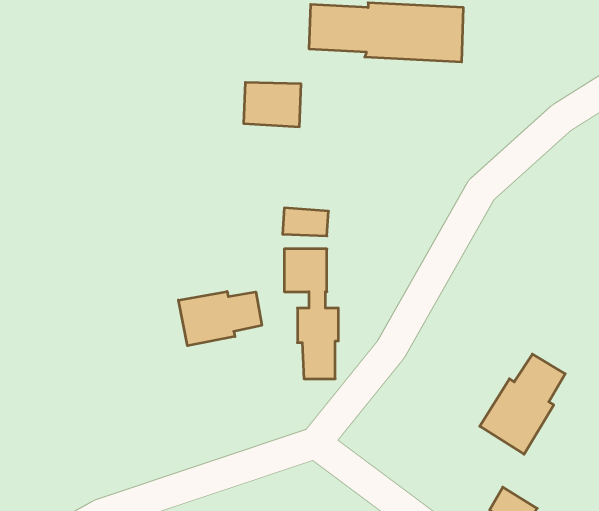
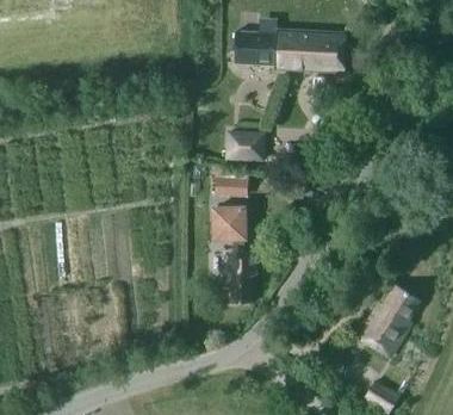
building: [244,82,301,127] -> [224,129,266,161]
building: [178,291,262,346] -> none

